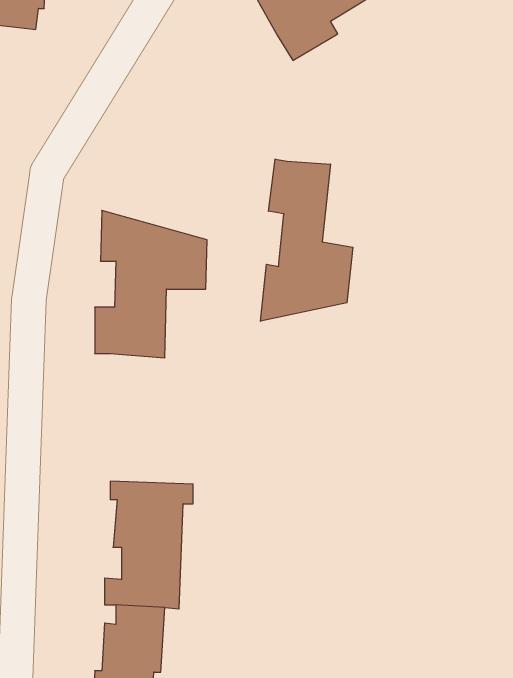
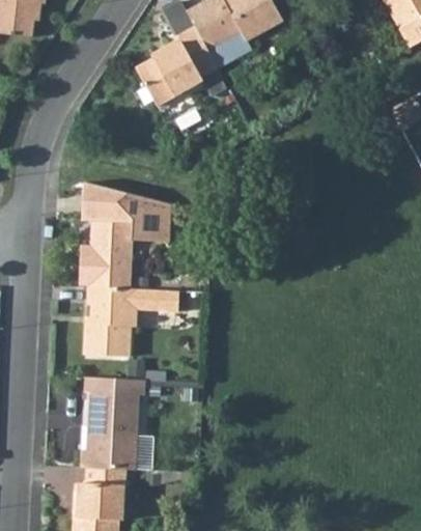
building: none -> [139,26,221,107]
building: [261,159,353,321] -> none
building: none -> [82,283,178,353]

